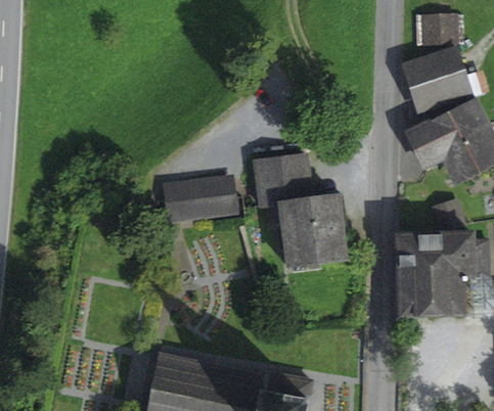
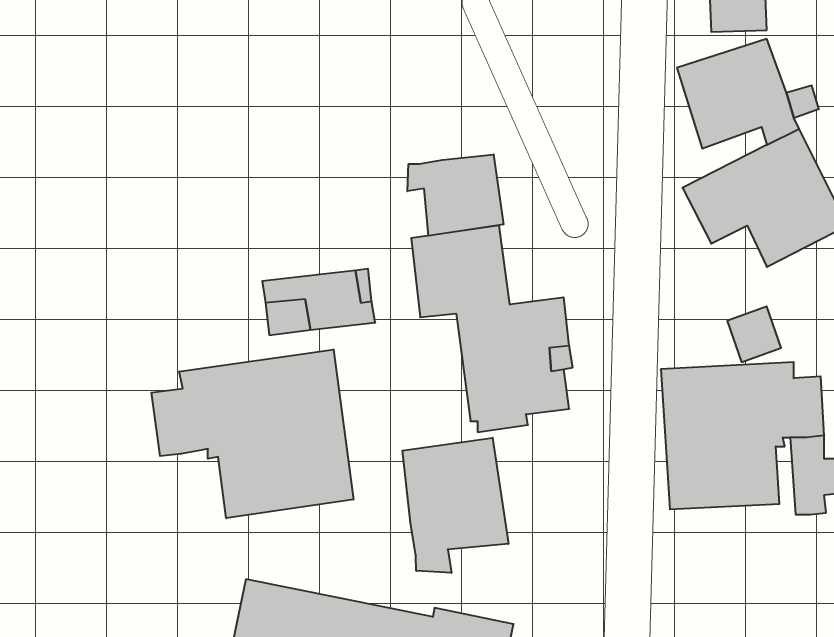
building: none -> [407,154,504,236]
building: none -> [151,349,353,518]
building: none -> [402,438,508,573]

